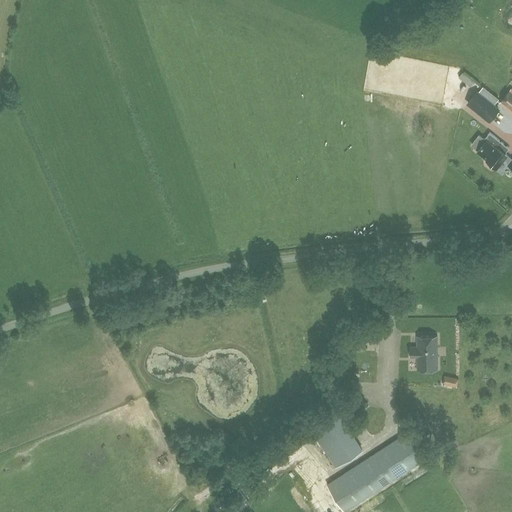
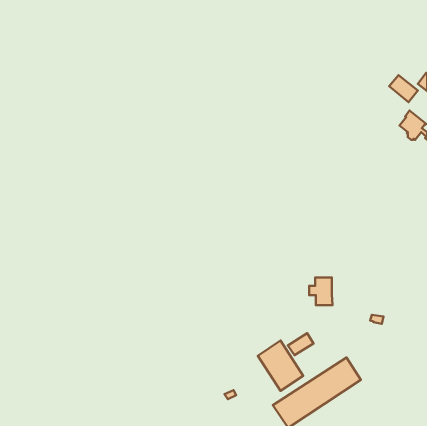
building: [409,338,437,371] -> [309,278,333,305]
building: none -> [288,333,314,355]

